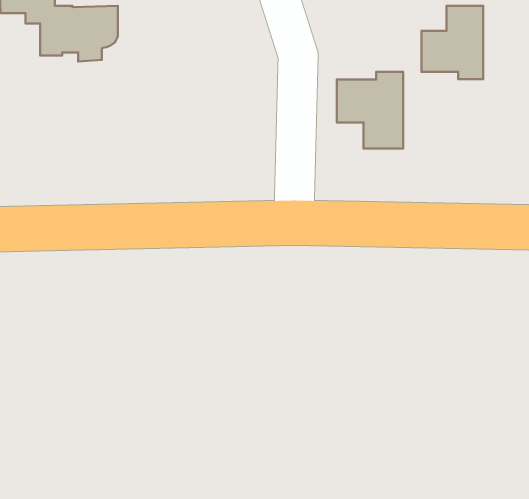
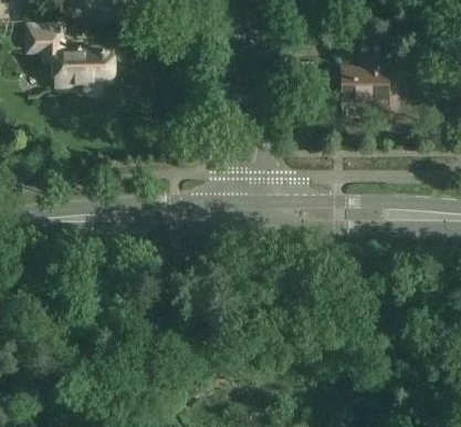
building: [337,72,403,149] -> none

